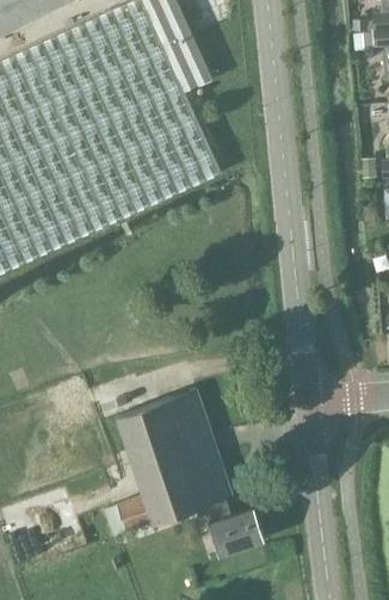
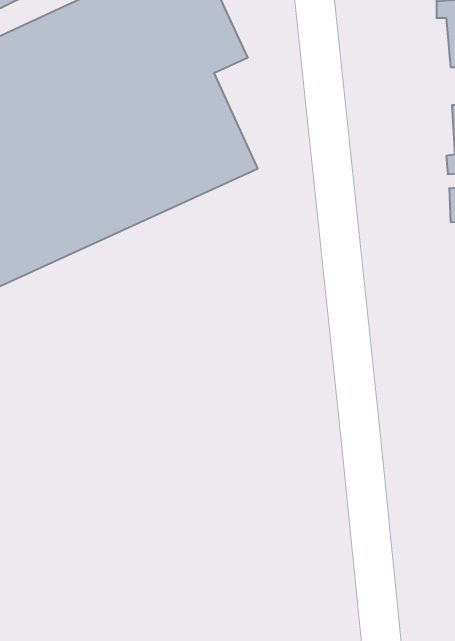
building: [101,389,263,557] -> none

